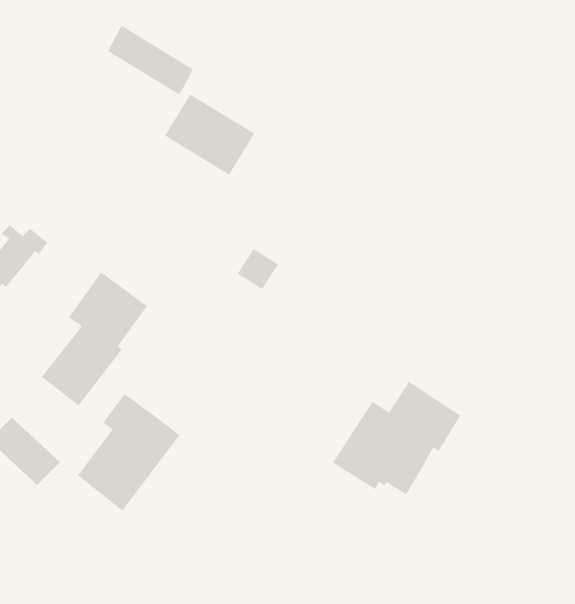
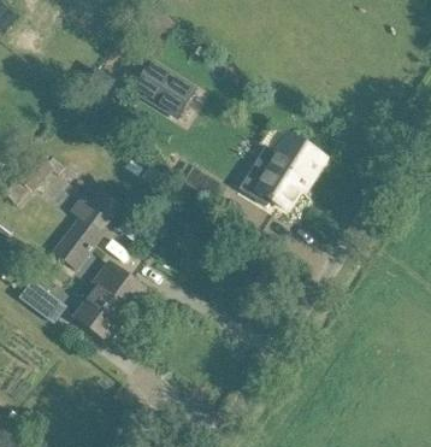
building: [107,25,194,96] -> none
building: [332,381,461,495] -> [238,135,324,211]

